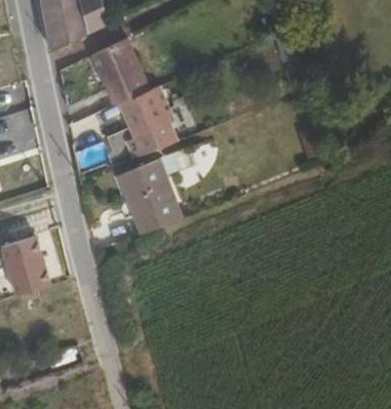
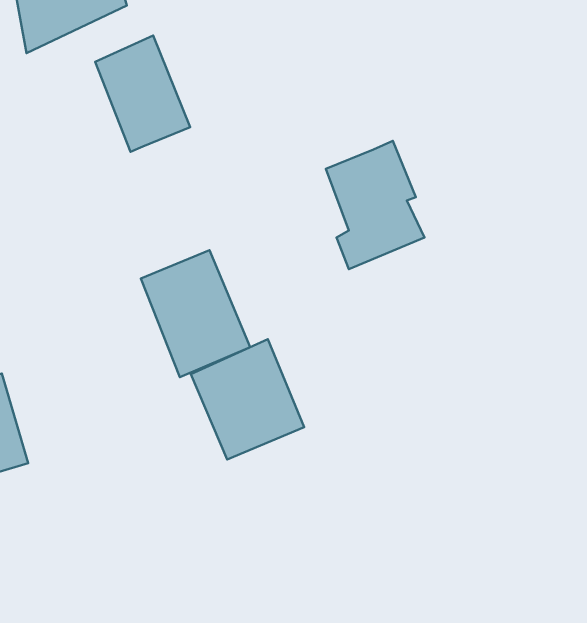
building: [118,85,175,160] -> [326,141,425,269]
building: none -> [191,339,304,459]

